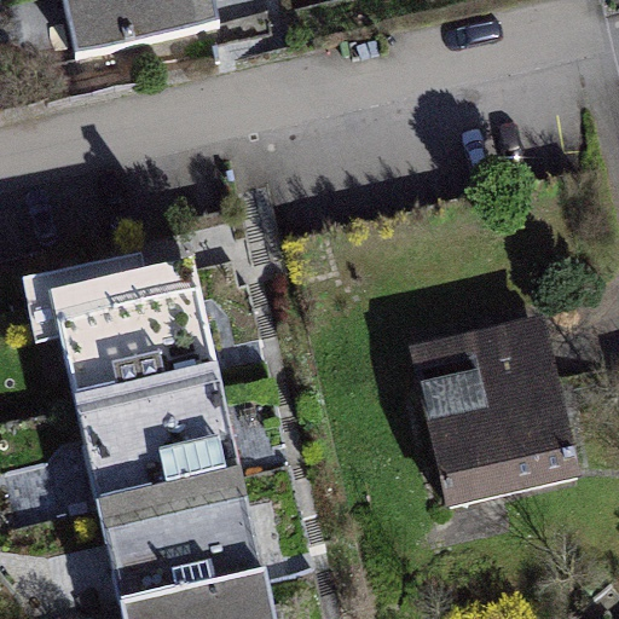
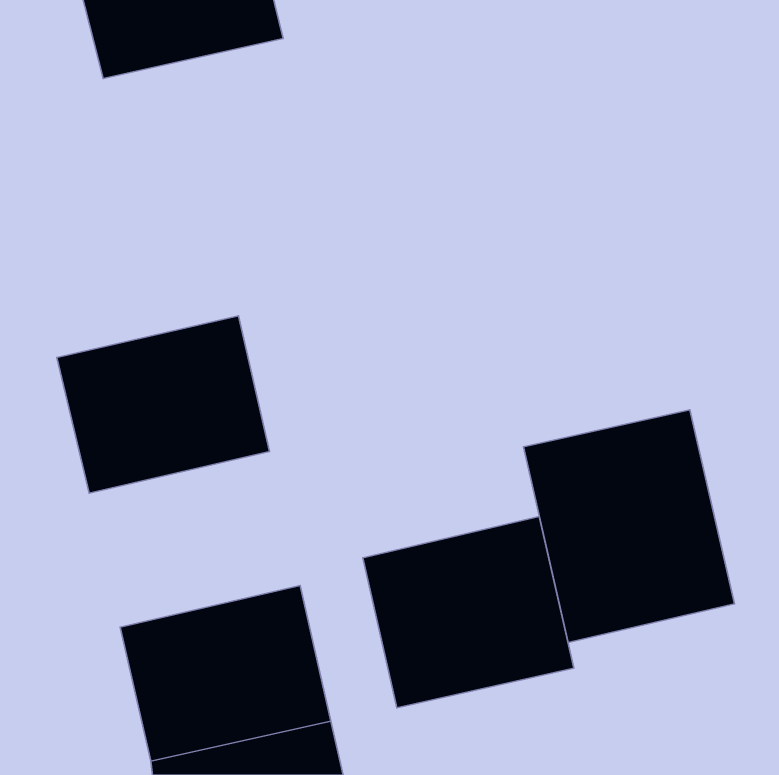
building: [70,354,236,492] -> none
building: none -> [363,516,574,708]

